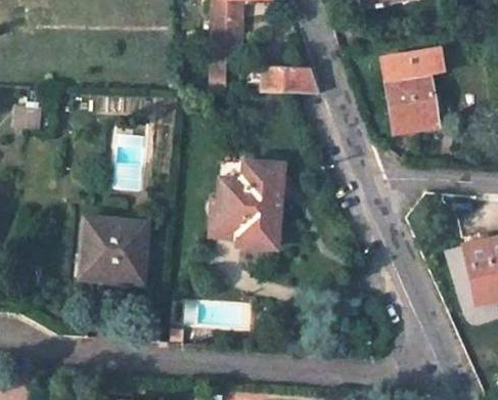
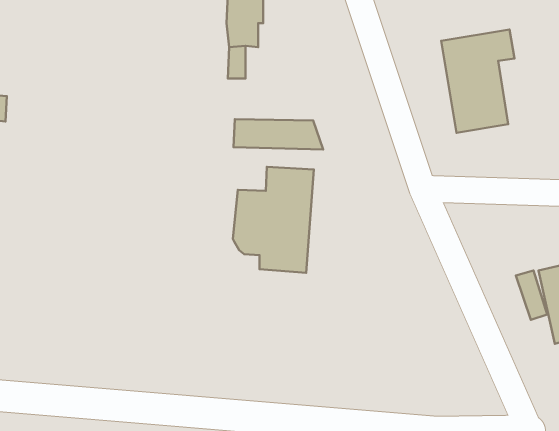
building: [244,69,317,93] -> [234,119,323,150]
building: [77,215,146,276] -> none

